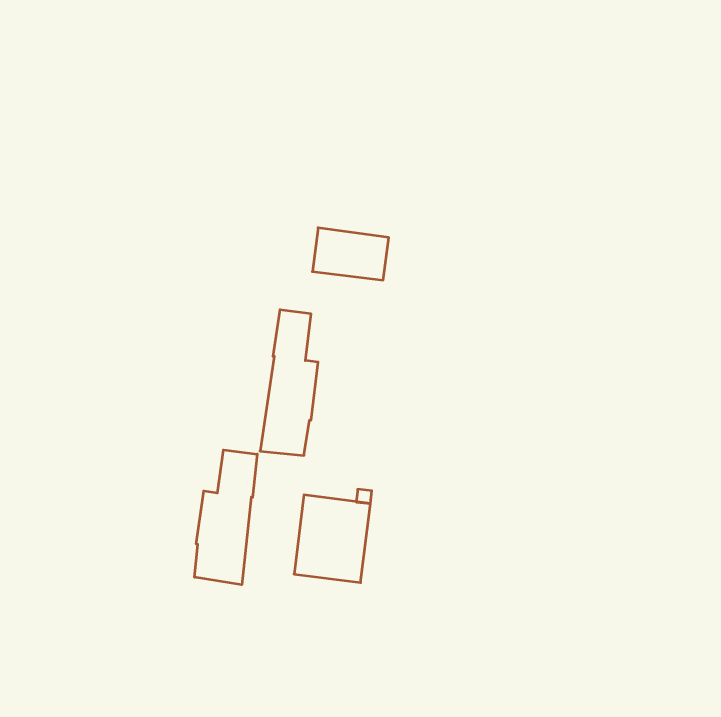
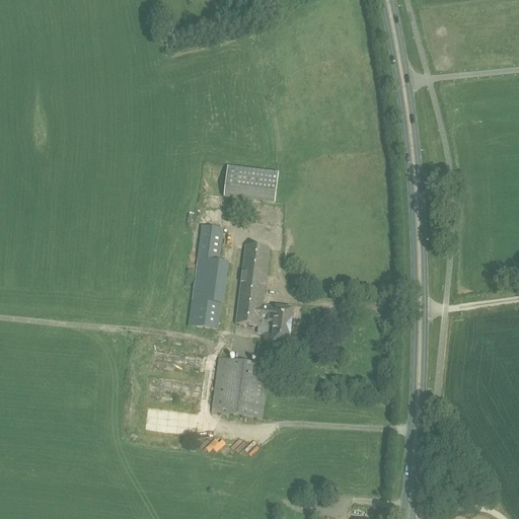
building: none -> [235,242,292,344]
building: [195,450,257,585] -> none

